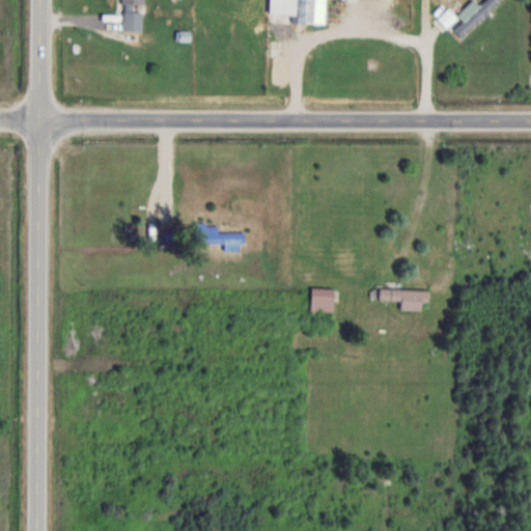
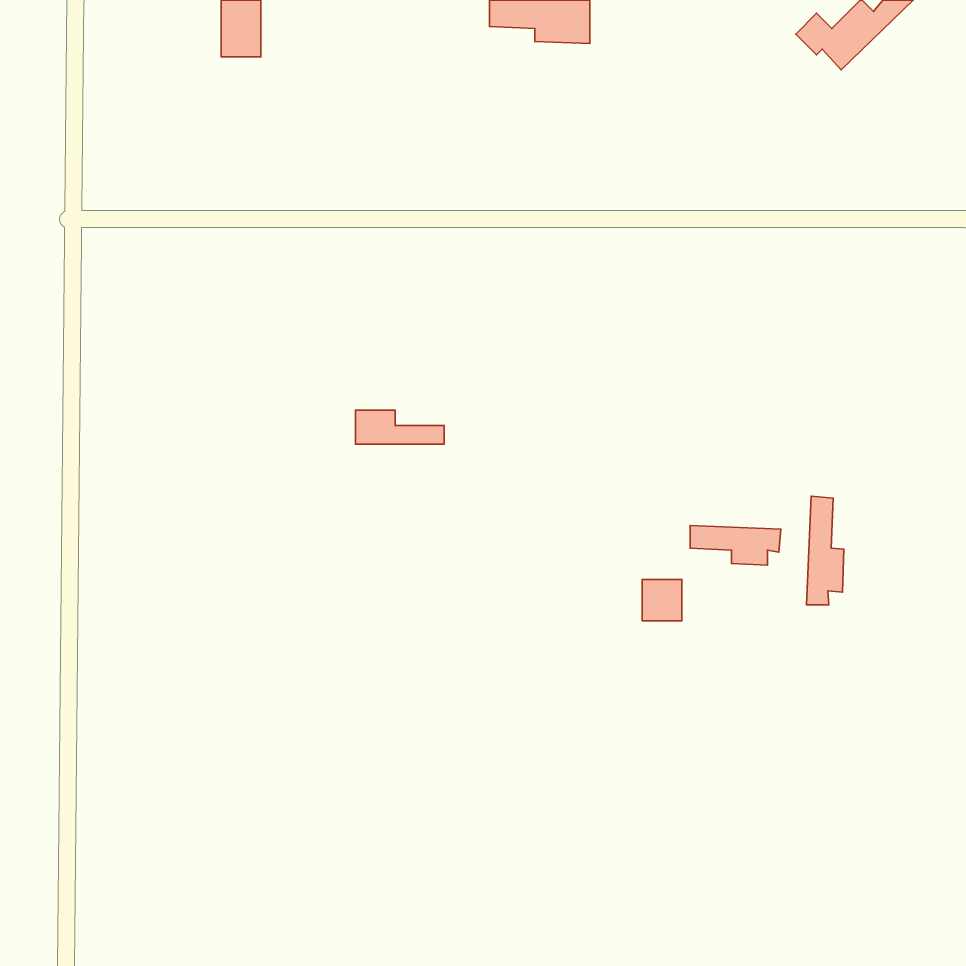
building: none -> [806,496,844,605]
building: [311,288,333,311] -> [642,579,682,621]

